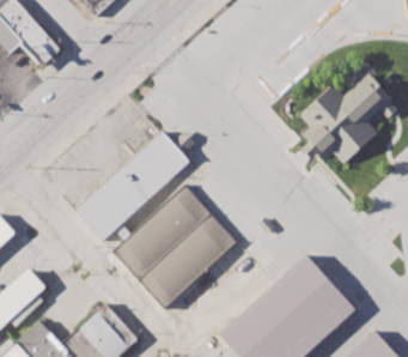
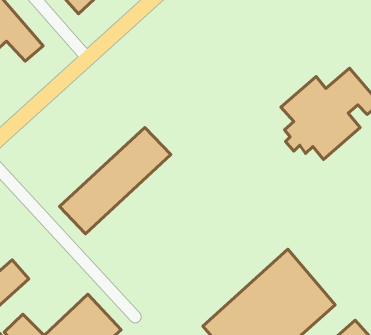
building: [115,187,235,305] -> none

